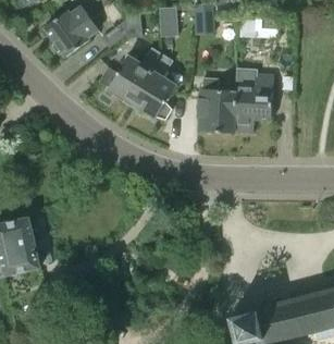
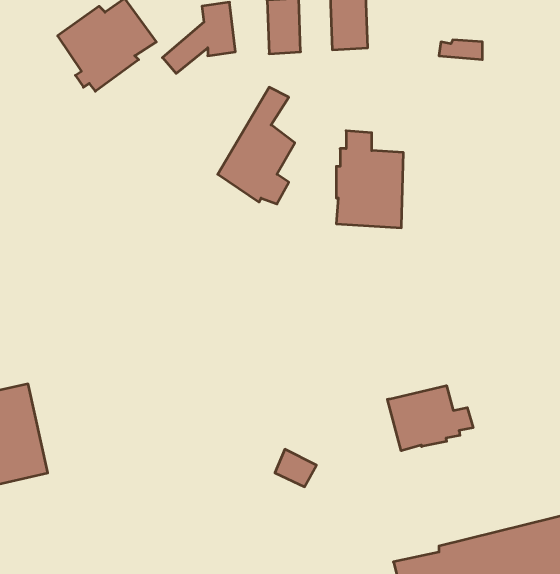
building: [98,48,160,102] -> none
building: [233,73,273,132] -> none
building: none -> [387,386,473,451]

